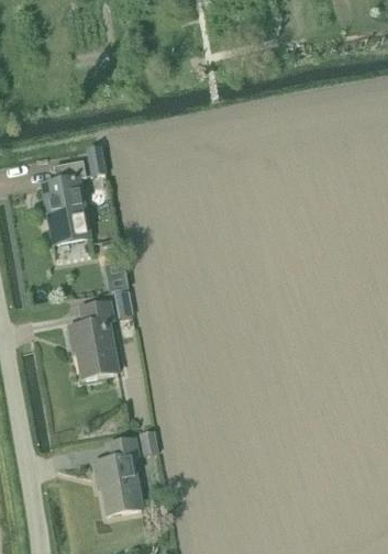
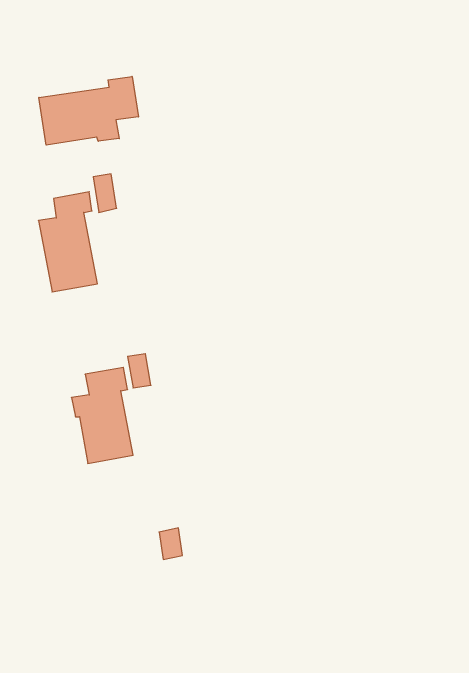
building: none -> [39,76,138,145]
building: [93,436,141,514] -> none

